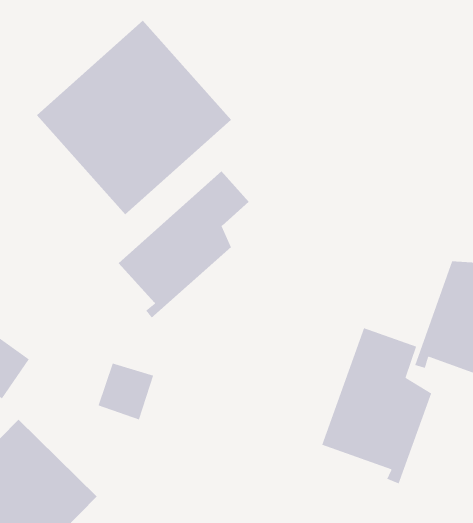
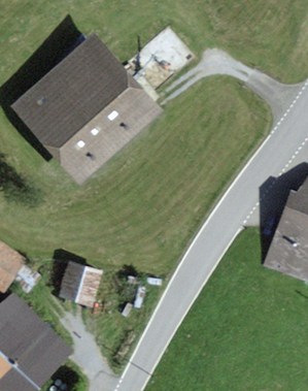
building: [118,170,249,318] -> none
building: [321,327,432,484] -> none

